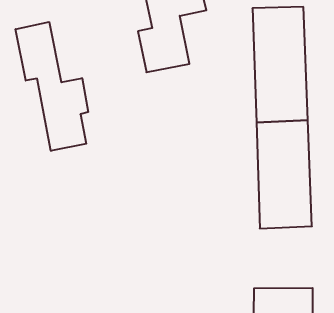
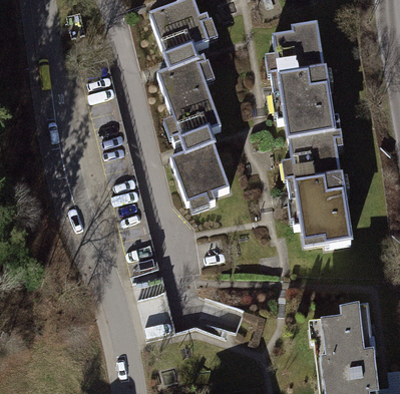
building: [16,22,88,151] -> none
building: none -> [168,95,231,203]

